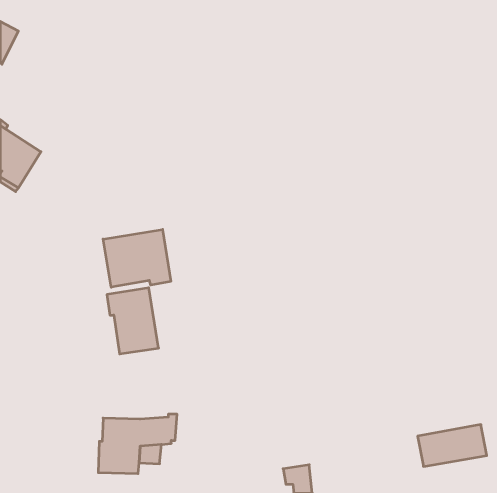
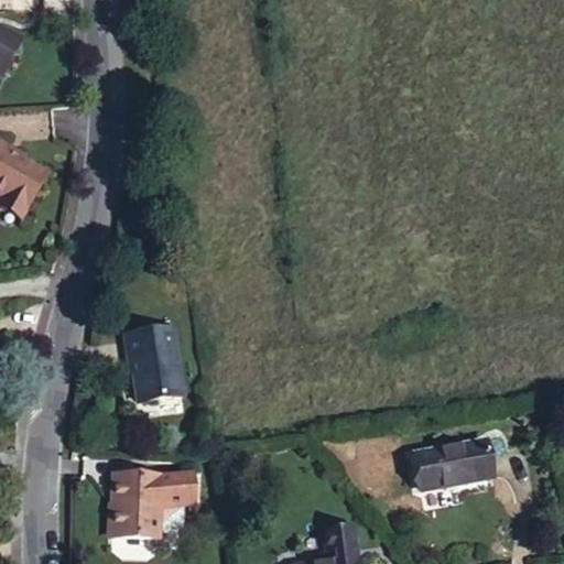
building: [103,229,171,287] -> none
building: [418,425,487,466] -> [412,440,490,487]

